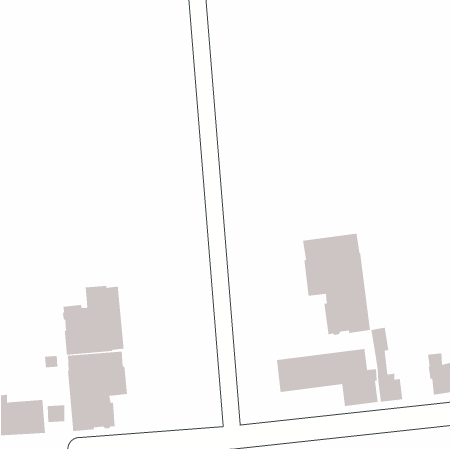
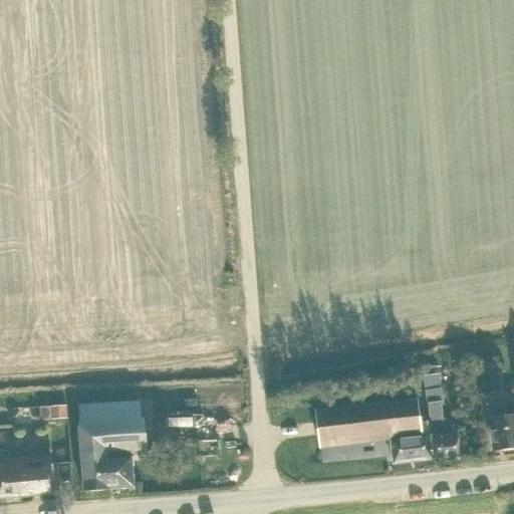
building: [303,233,371,336] -> none
building: [62,285,124,356] -> none

